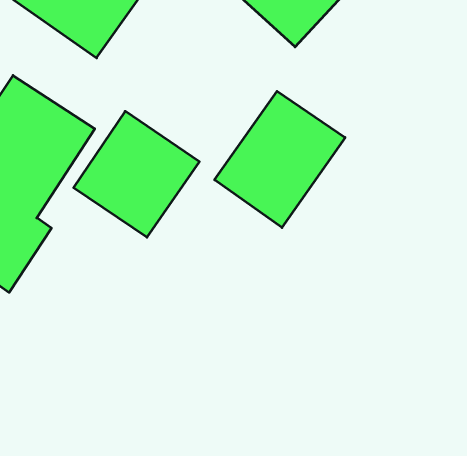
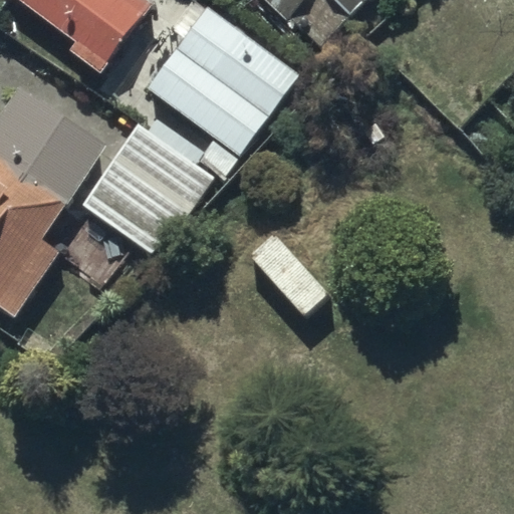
building: none -> [147,6,300,155]
building: [215,91,345,228] -> none

